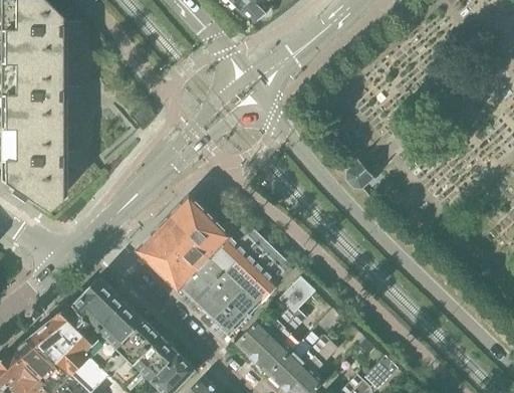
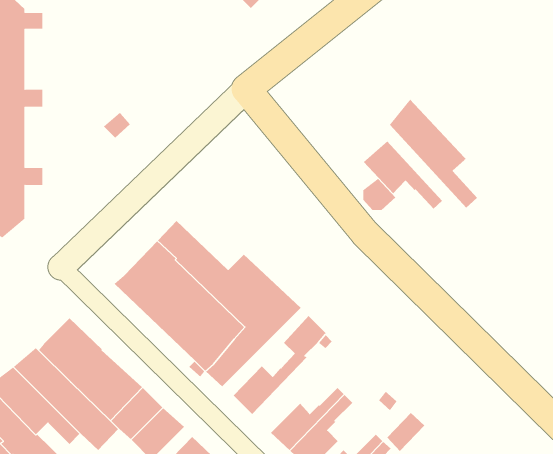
building: none -> [389,99,478,209]
building: none -> [363,140,443,209]
building: [253,311,306,374] -> none

